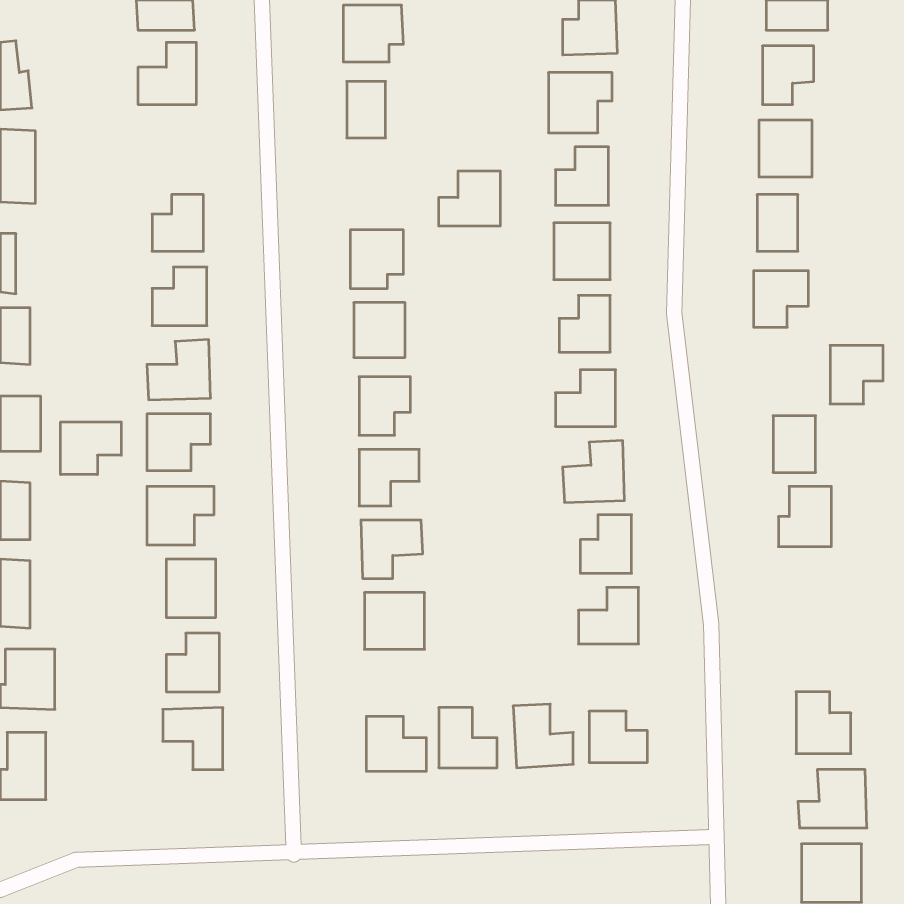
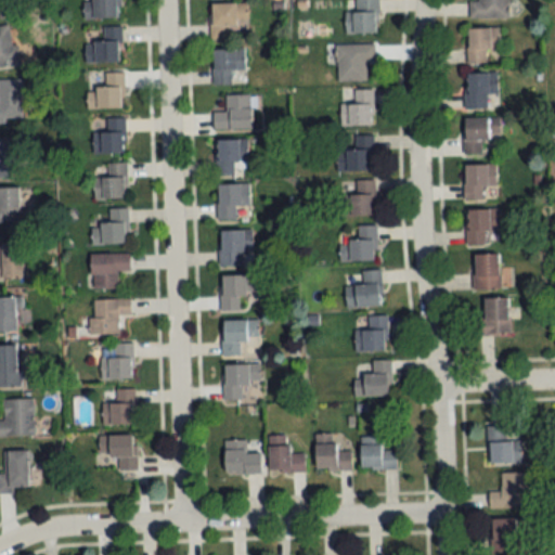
building: none -> [96,74,124,108]
building: [439,171,500,226] -> [212,95,250,129]
building: [830,345,883,404] -> [465,210,498,246]
building: [61,422,121,475] -> none

